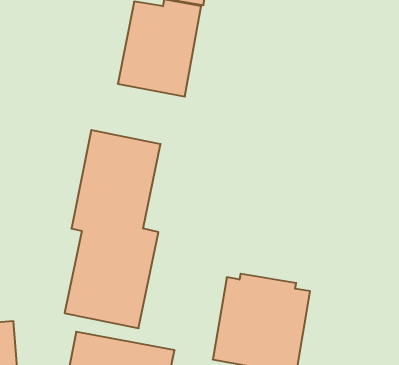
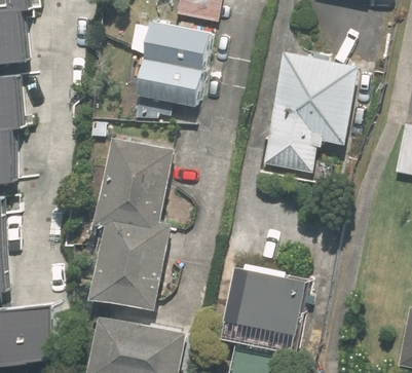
building: none -> [262,53,363,174]

